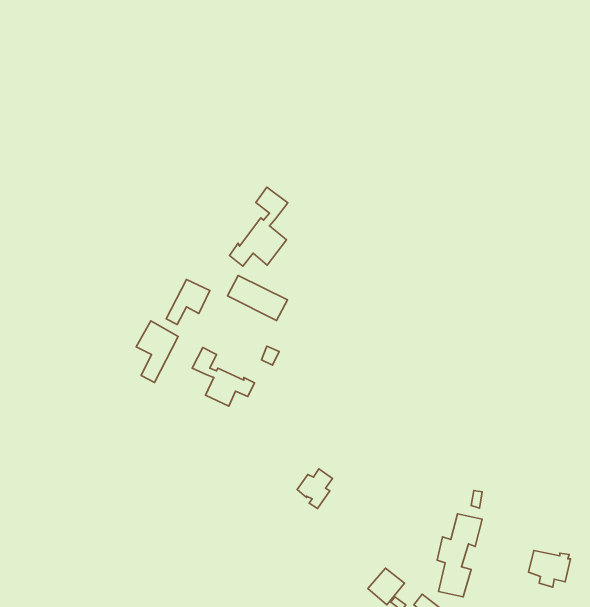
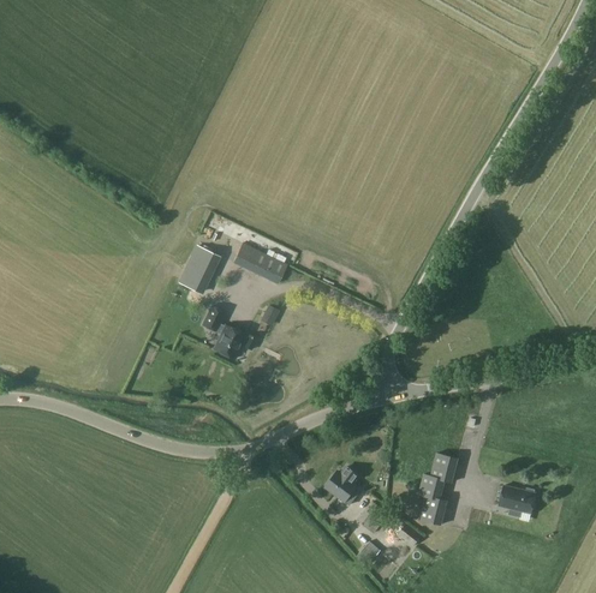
building: [229,187,288,266] -> none
building: [136,321,178,382] -> none
building: [297,469,332,508] -> [327,467,358,502]

